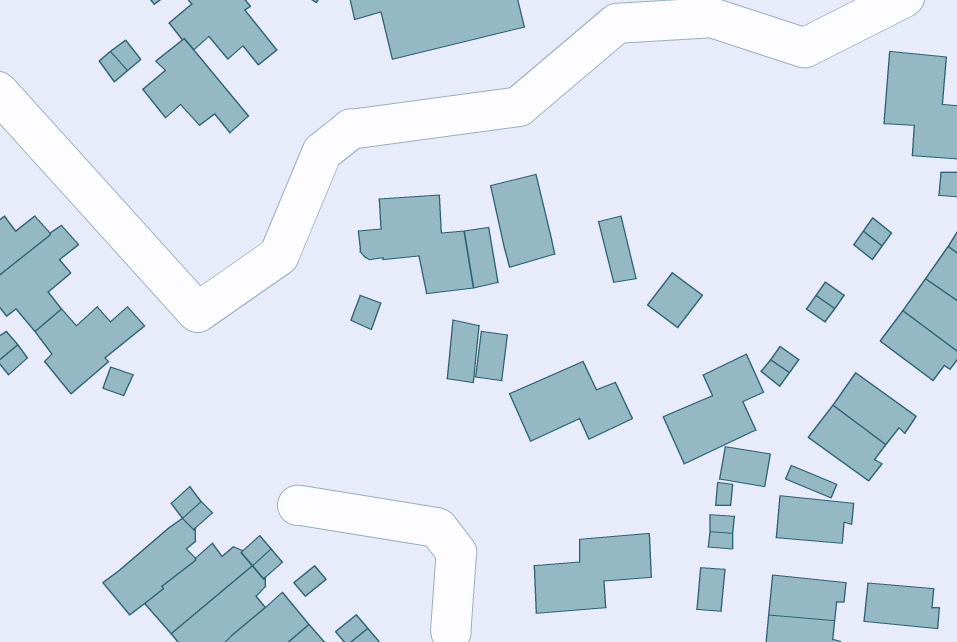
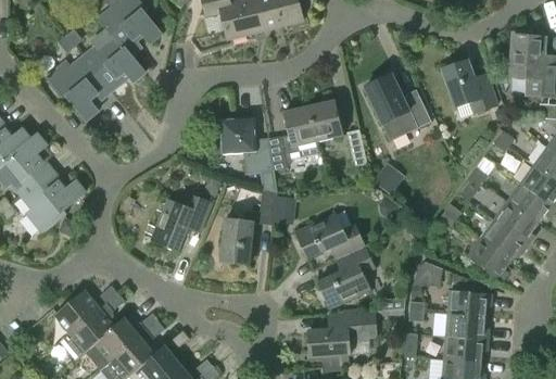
building: none -> [47,56,111,119]
building: none -> [442,60,496,112]
building: none -> [364,74,431,141]
building: none -> [309,100,343,141]
building: none -> [151,193,212,252]
building: none -> [493,201,538,244]
building: [663,354,764,464] -> [317,245,375,308]
building: none -> [220,218,254,264]
building: none -> [54,290,99,333]
building: [864,583,940,629] -> [445,314,489,340]

